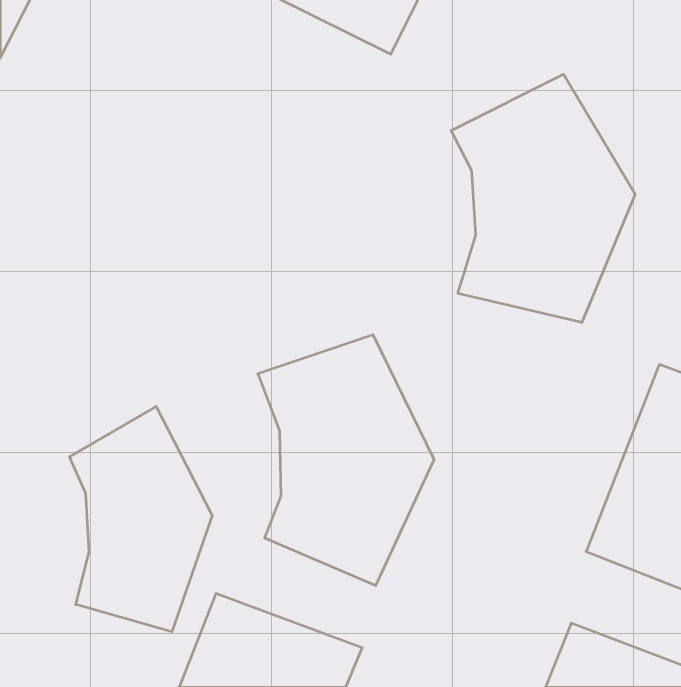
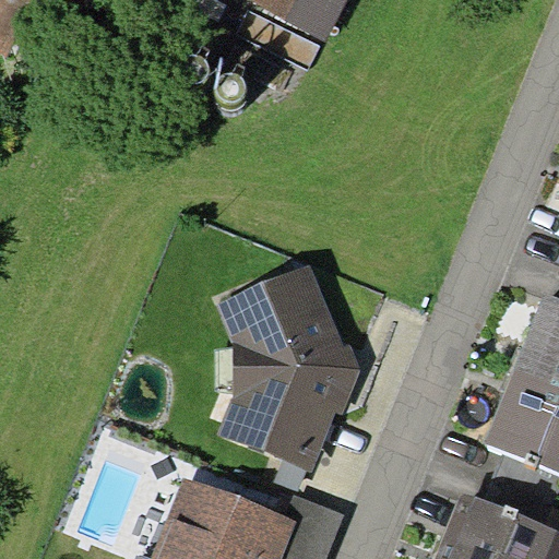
building: [451,74,635,323] -> none
building: [70,406,212,632] -> none

